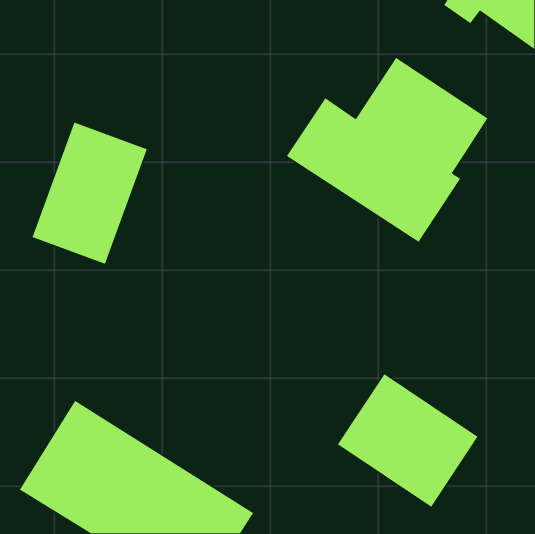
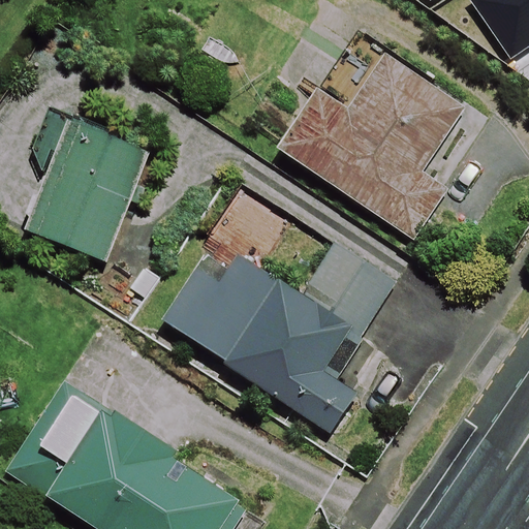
building: none -> [162,255,354,432]
building: [337,373,479,508] -> none

